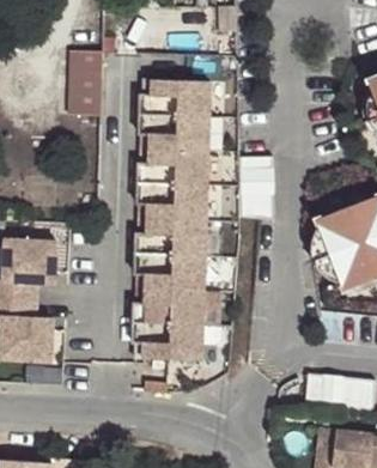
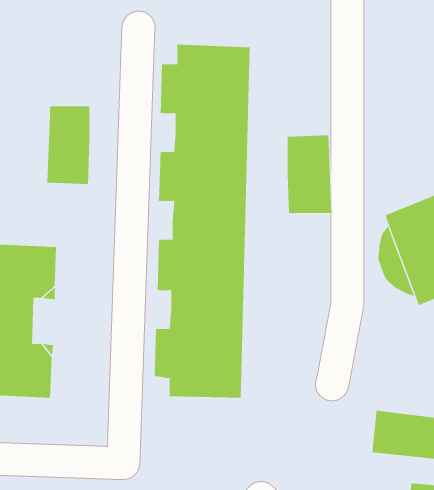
building: [67,53,102,115] -> [46,106,90,184]

